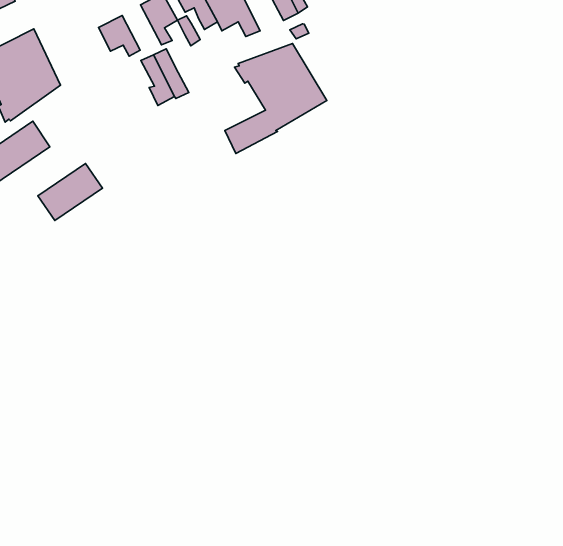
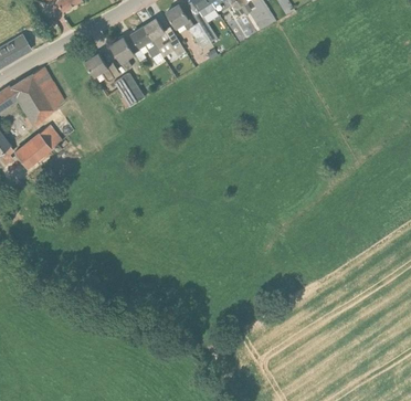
building: [225,43,327,153] -> none
building: [38,164,103,220] -> none

